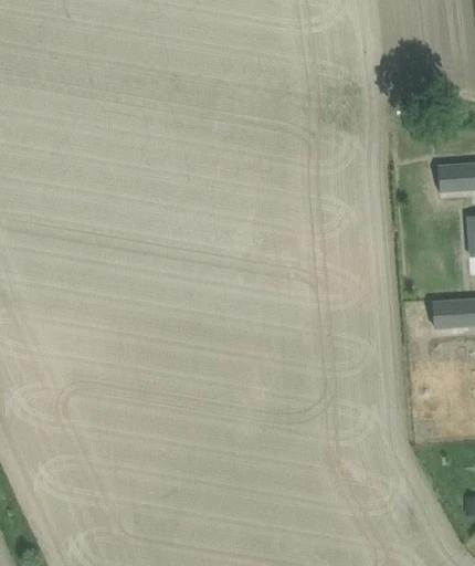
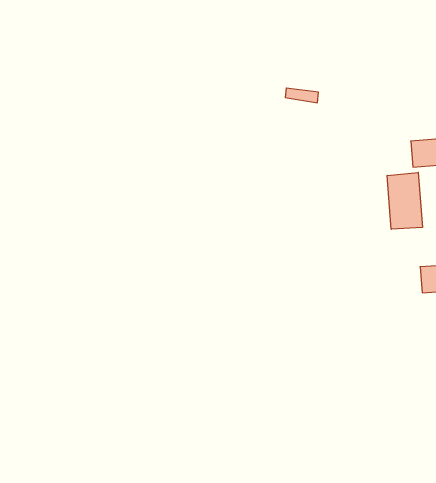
building: none -> [387,172,422,229]

